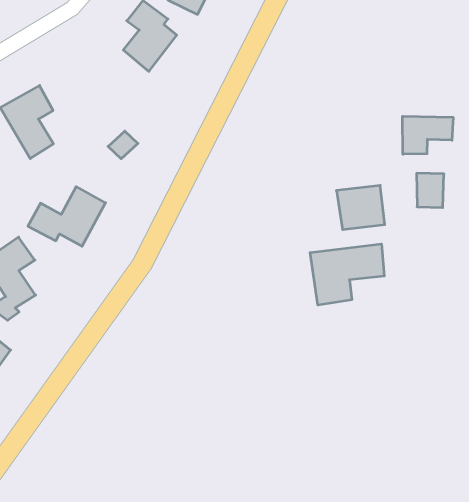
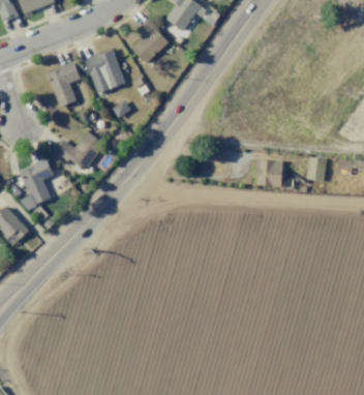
building: none -> [84,48,126,94]
building: [403,116,453,154] -> none
building: [310,244,384,305] -> none

